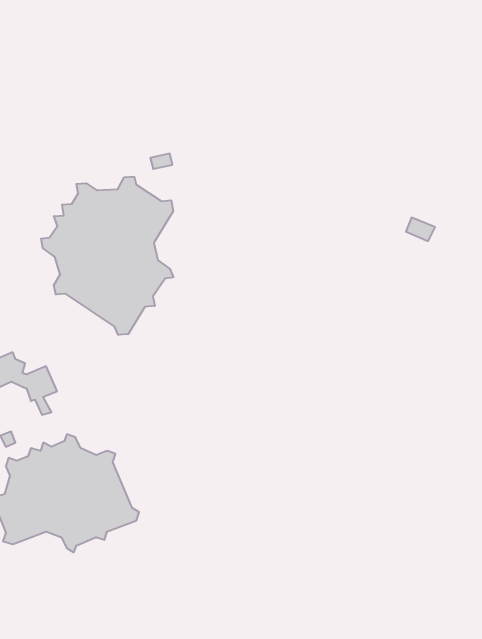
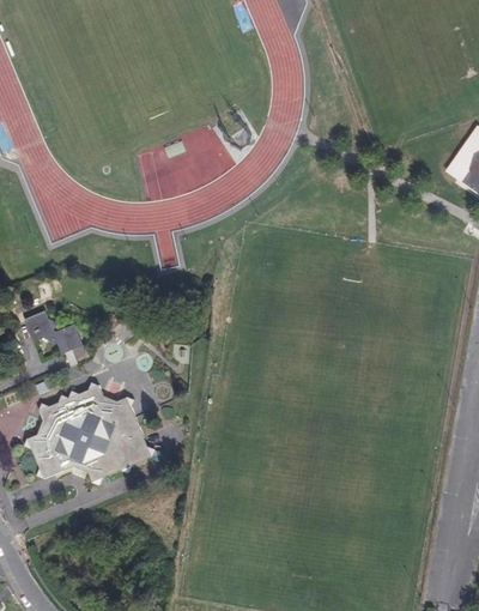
building: [41,177,173,335] -> none

